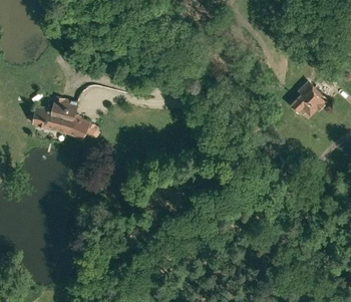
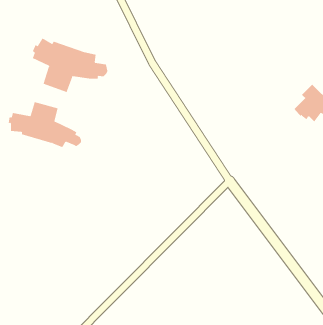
building: none -> [32,37,108,93]

